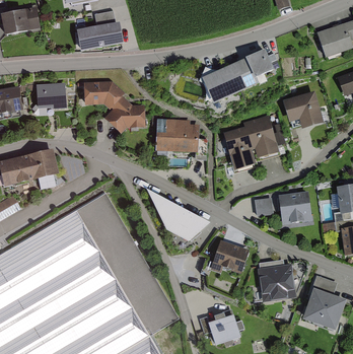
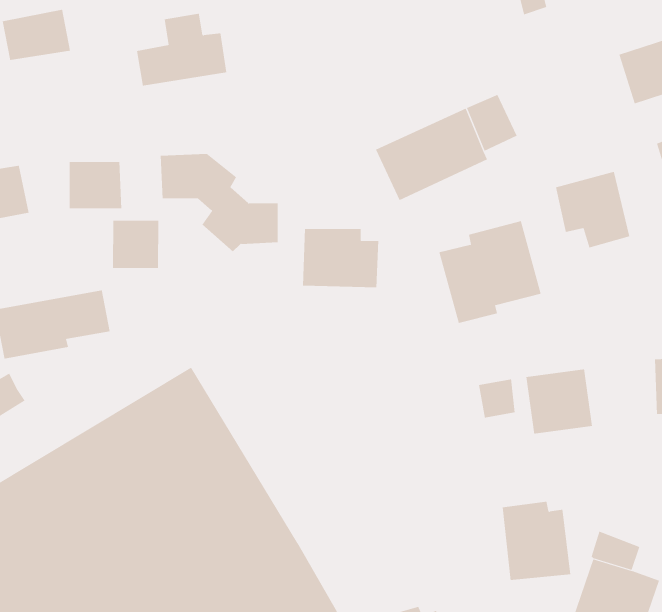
building: none -> [113,220,159,269]
building: [141,191,205,242] -> none
building: [216,241,252,274] -> none

